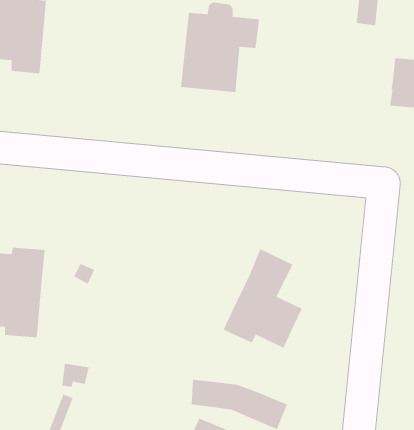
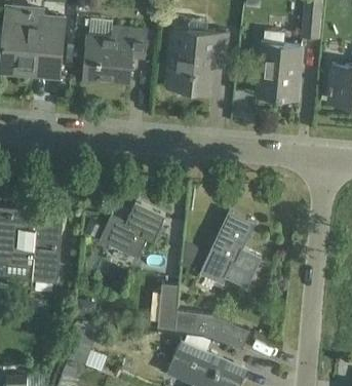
building: none -> [83,30,146,83]
building: none -> [256,30,301,98]
building: none -> [99,202,164,258]
building: none -> [157,284,178,331]

